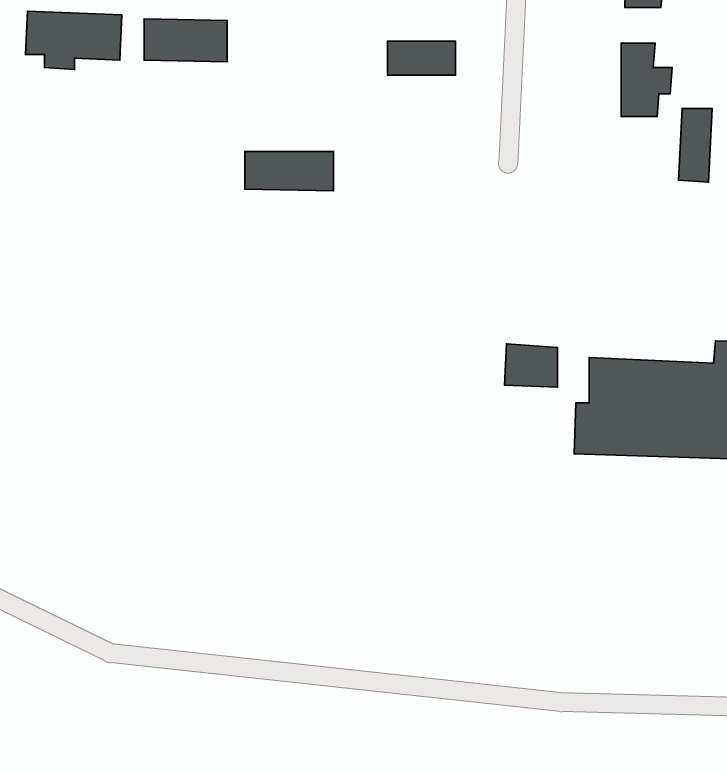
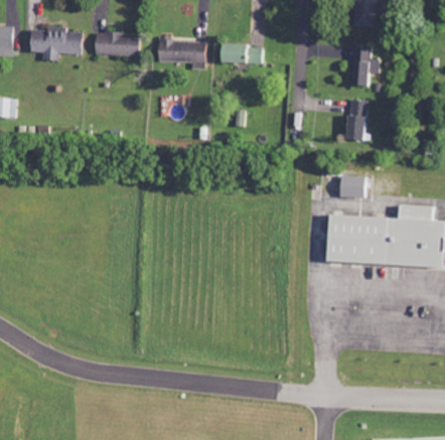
building: [678,109,712,182] -> [347,100,365,139]
building: [245,151,334,191] -> [158,40,205,61]
building: [505,344,557,387] -> [337,174,365,197]

